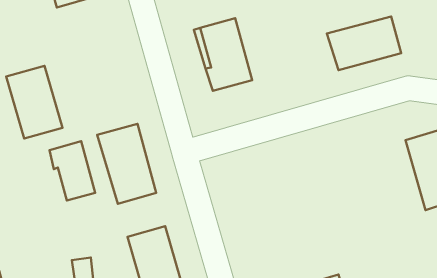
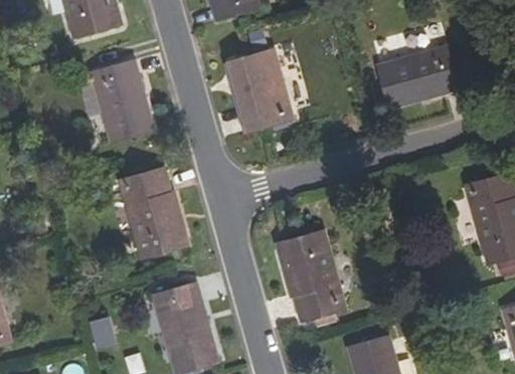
building: [6,66,63,139] -> [89,60,152,142]
building: [49,141,95,200] -> none
building: none -> [280,230,346,321]

